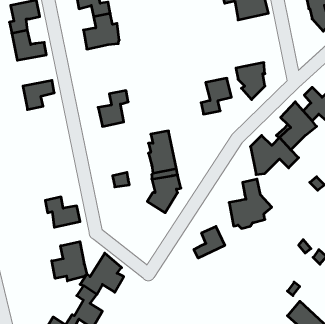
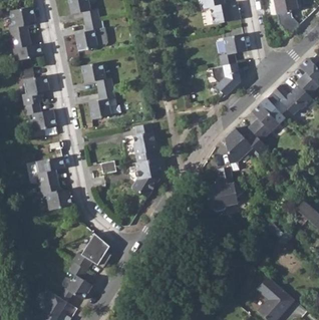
building: none -> [81,61,113,90]
building: [201,78,231,114] -> [220,33,247,65]
building: none -> [25,101,57,132]
building: none -> [36,155,64,186]
building: [194,226,225,258] -> none
building: [52,242,87,281] -> none

